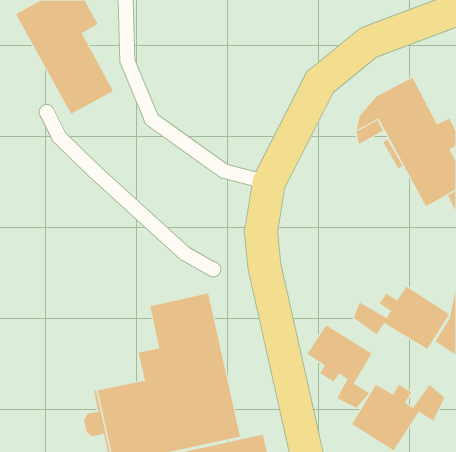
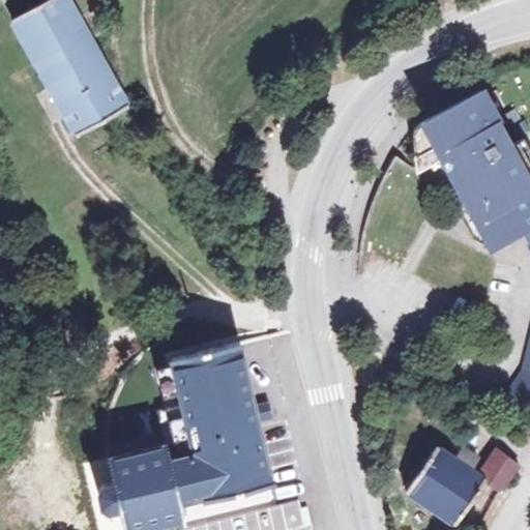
building: [353,286,450,350] -> none
building: [307,324,372,408] -> none

